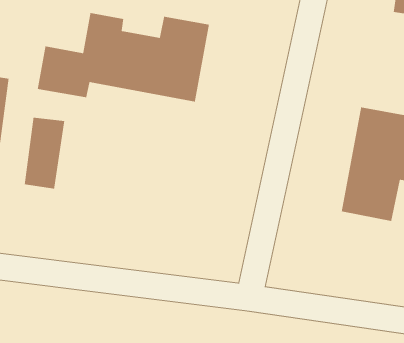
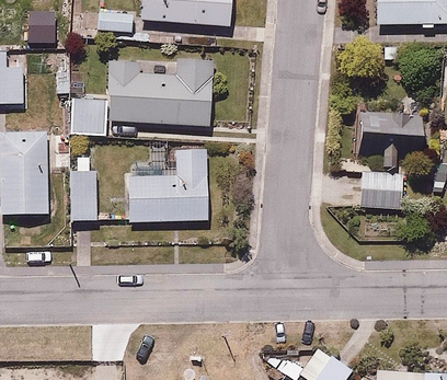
building: none -> [129,147,210,223]

